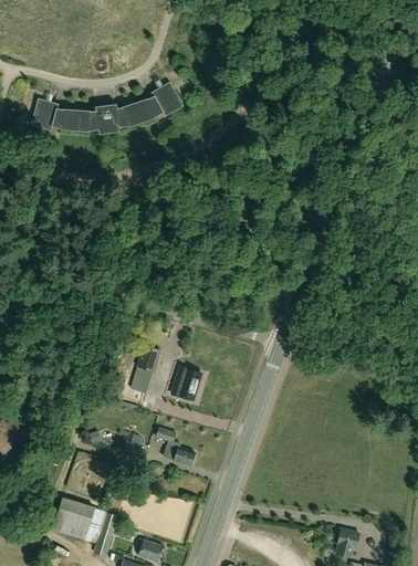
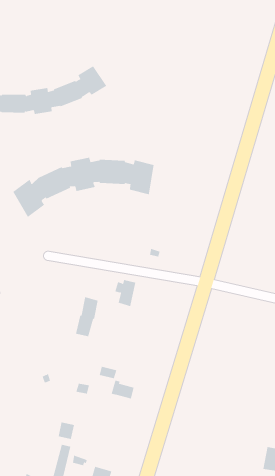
building: none -> [13,157,154,218]
building: [175,368,200,400] -> [114,279,136,307]
building: [52,496,94,538] -> none

